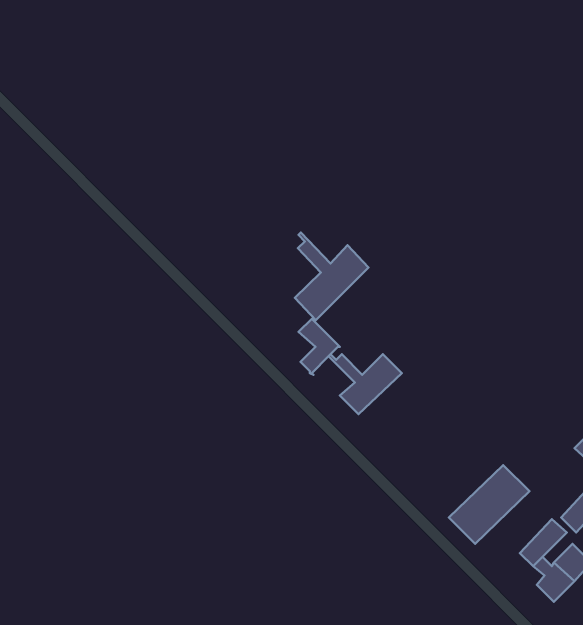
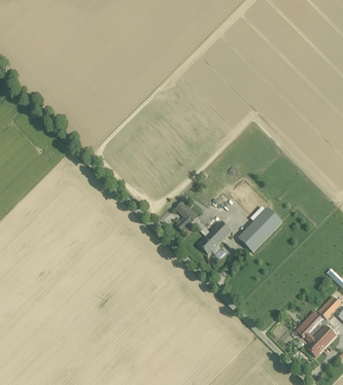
building: [295,232,369,320] -> none
building: [449,465,529,544] -> [237,208,281,251]

